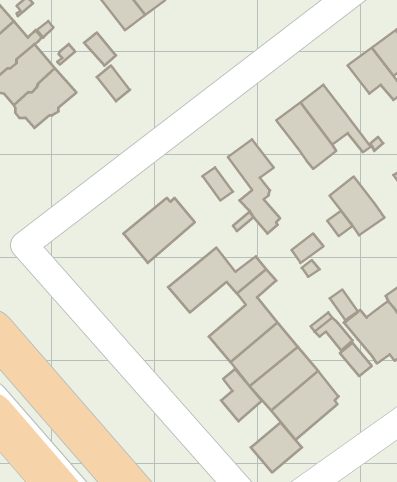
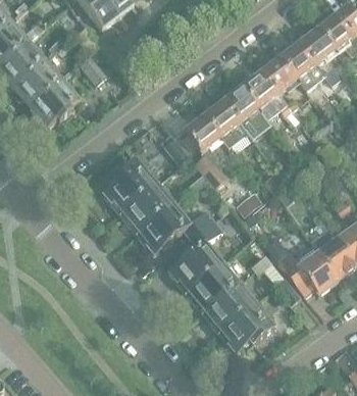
building: none -> [261,55,298,93]
building: none -> [30,77,80,126]
building: [330,177,384,235] -> [204,99,248,146]
building: none -> [120,181,175,233]
building: [221,369,262,421] -> none
building: [251,422,302,472] -> none

